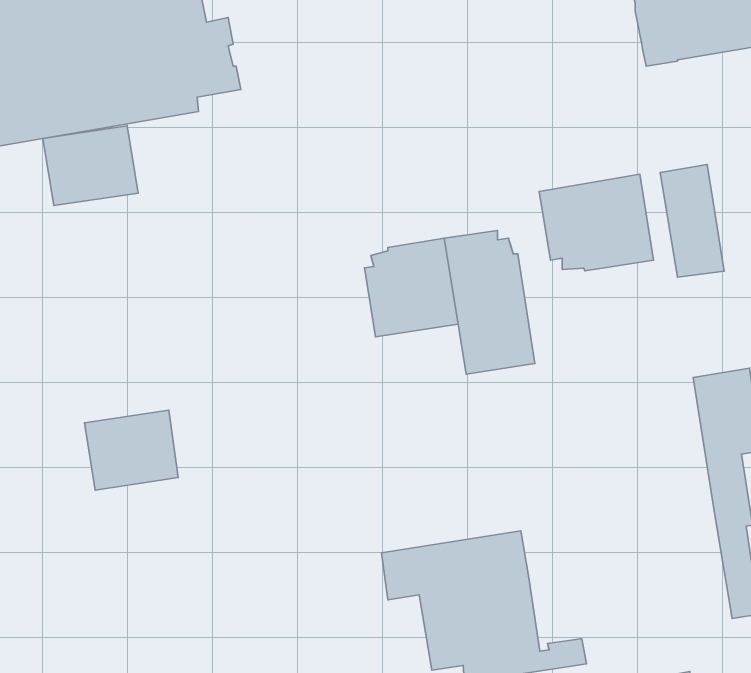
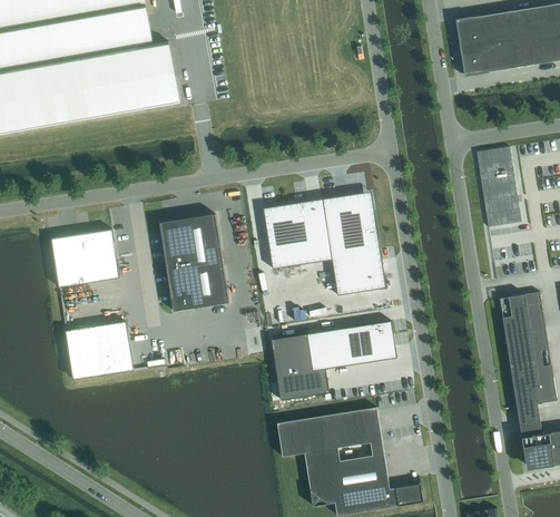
building: [43,126,138,206] -> [52,230,120,286]
building: [539,174,654,271] -> none
building: none -> [158,216,227,314]
building: none -> [272,321,394,400]

